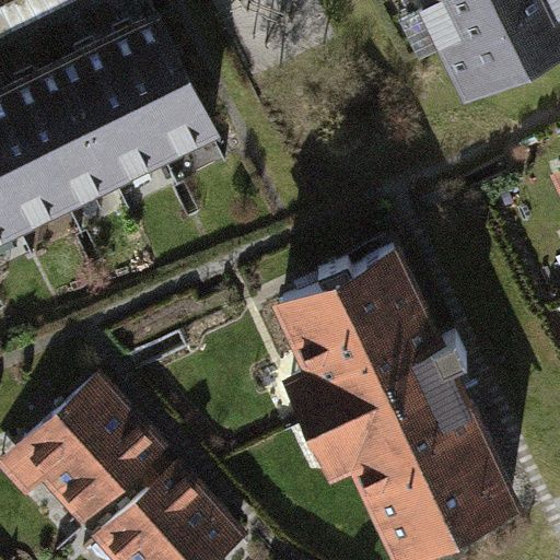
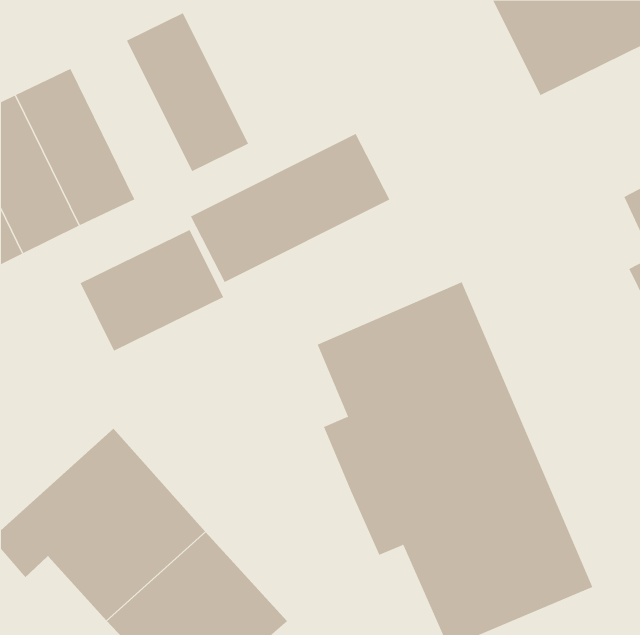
building: [66,44,171,182] -> none
building: none -> [190,133,390,283]
building: none -> [80,229,224,352]

